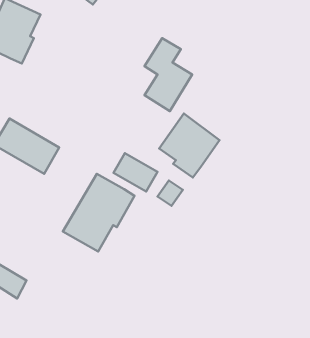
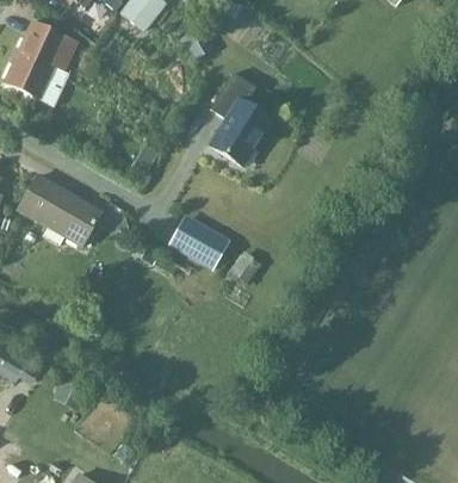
building: [159,114,220,177] -> none
building: [63,174,135,252] -> none

